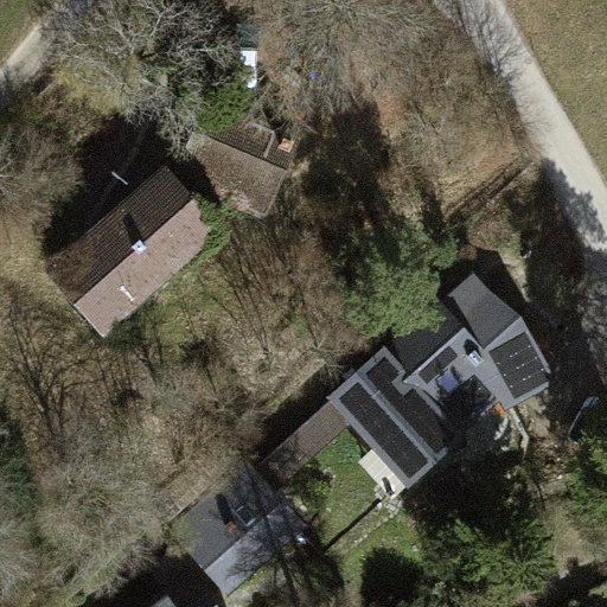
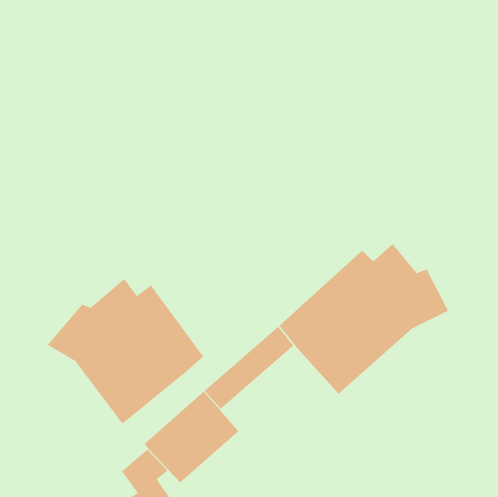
building: [50,116,286,333] -> none
building: none -> [47,278,204,425]

